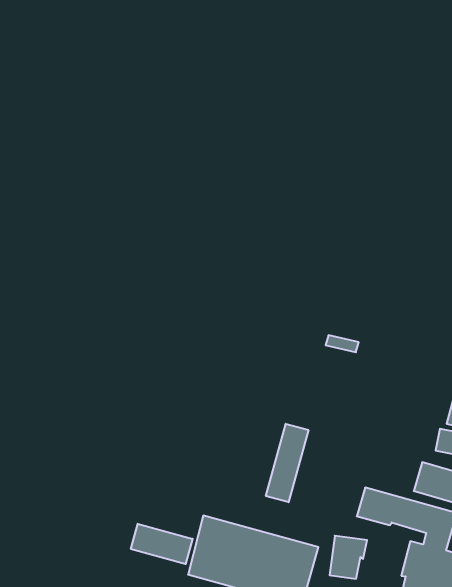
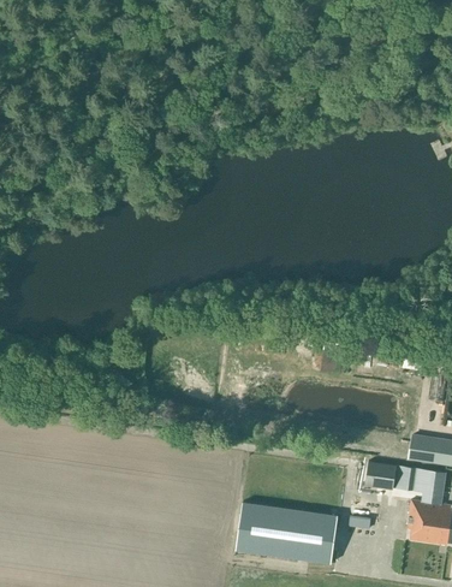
building: [266,424,308,502] -> none
building: [131,524,193,564] -> none

